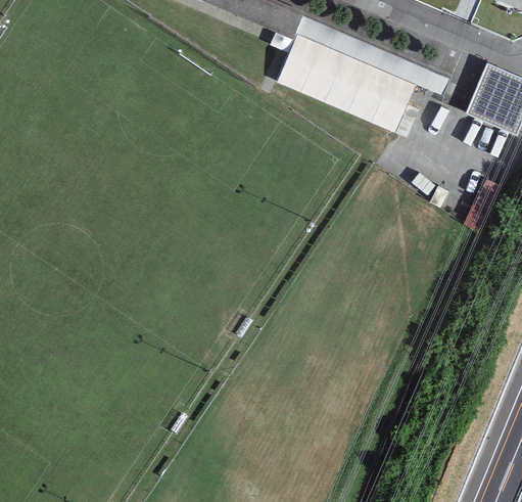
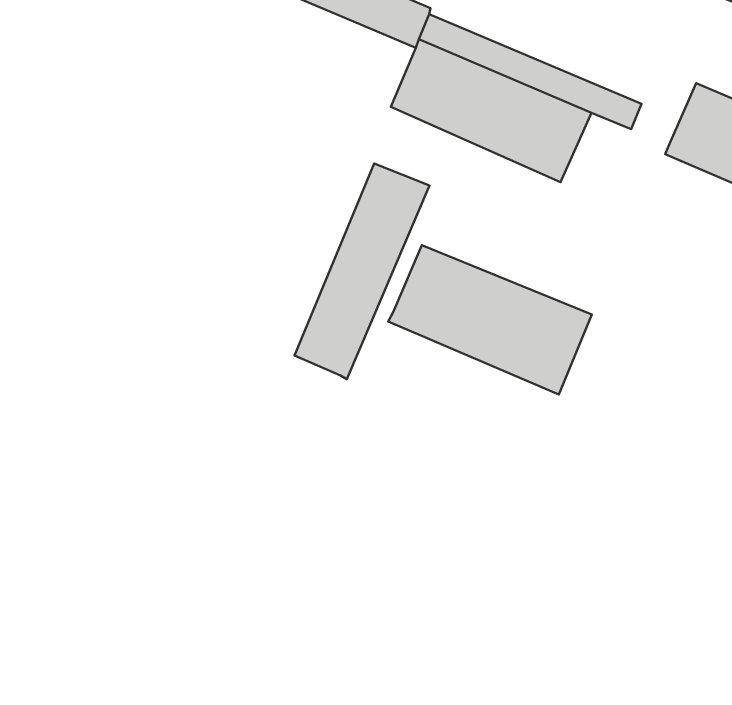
building: none -> [294,164,429,379]
building: none -> [388,245,592,394]

